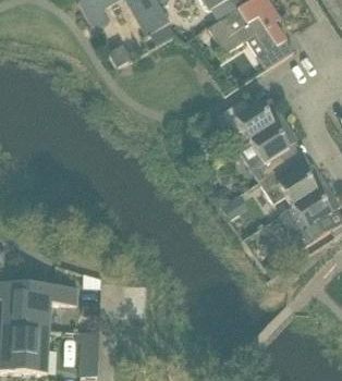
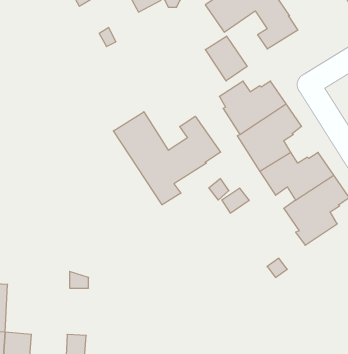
building: none -> [205,36,247,81]
building: none -> [113,112,221,205]
building: [24,283,76,329] -> none

